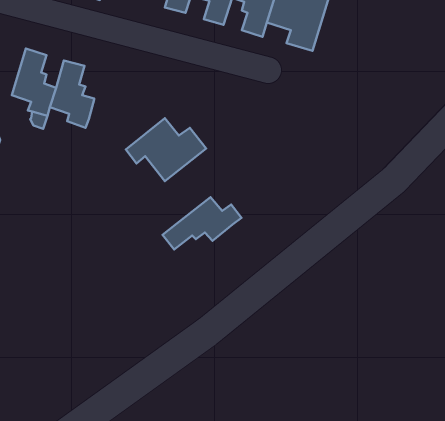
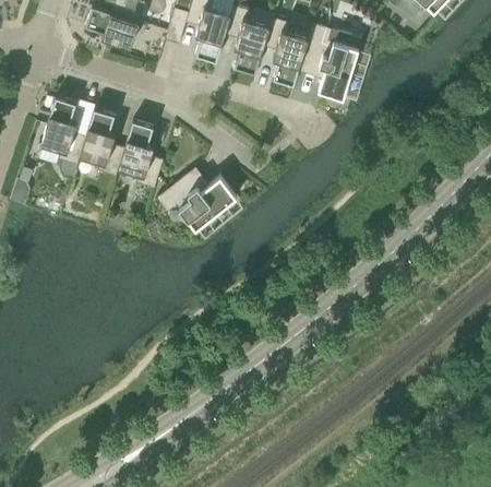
building: none -> [120,119,165,188]
building: [162,197,241,250] -> none

